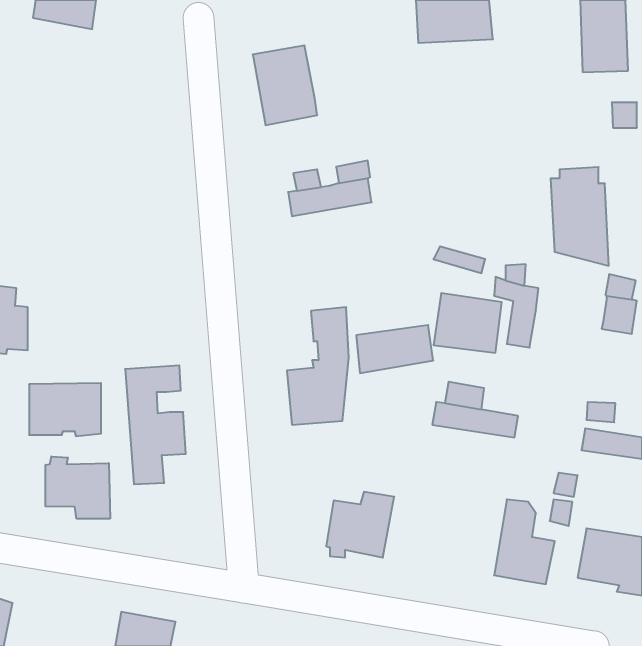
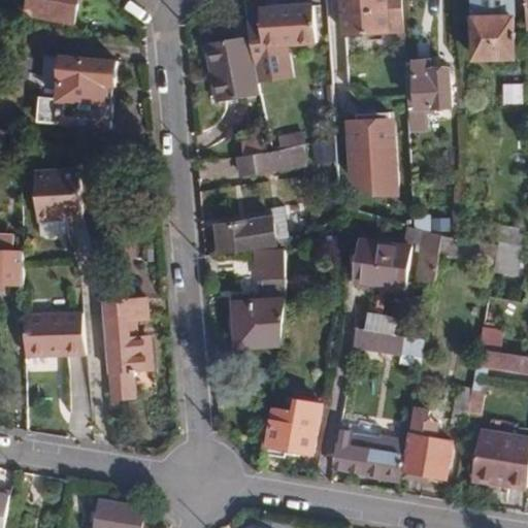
building: none -> [245,5,316,80]
building: none -> [37,55,116,128]
building: none -> [403,61,451,110]
building: [551,167,609,266] -> [349,112,396,193]
building: none -> [35,167,82,239]
building: [356,325,433,373] -> [213,217,276,256]
building: [46,456,110,519] -> none
building: none -> [332,425,406,476]

